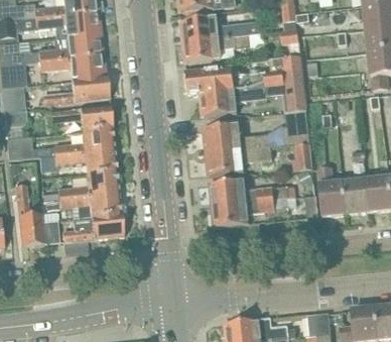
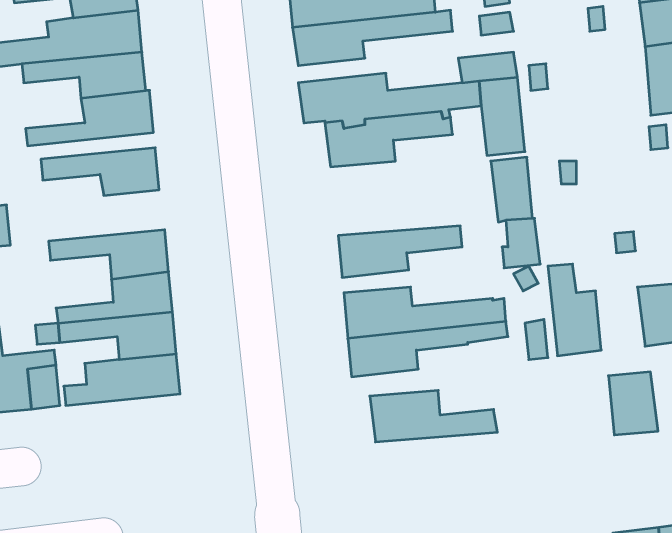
building: [204,124,271,151] -> [370,390,497,442]
building: [52,127,115,154] -> none
building: [343,179,369,212] -> [608,372,658,435]

